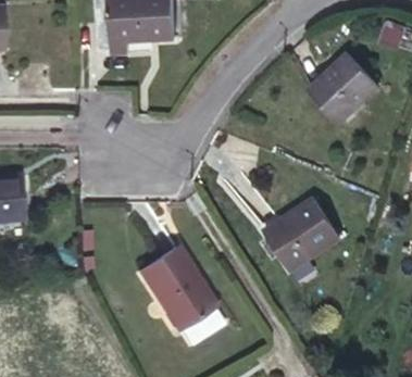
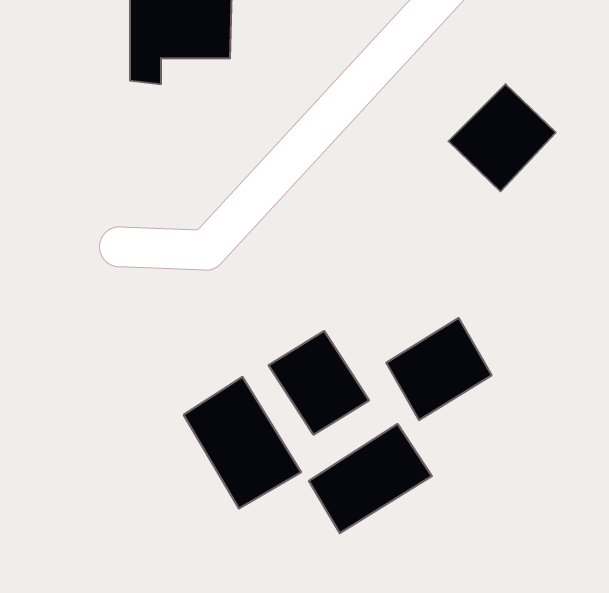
building: none -> [269,331,369,435]
building: none -> [309,424,432,533]

